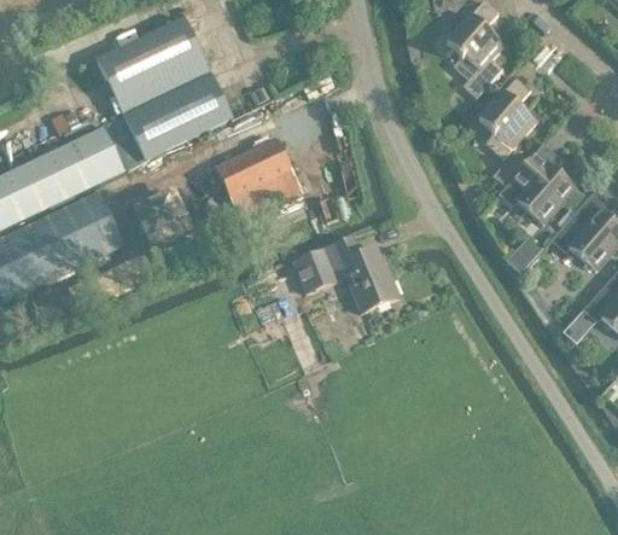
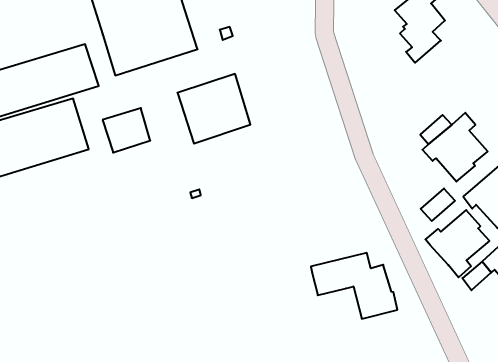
building: [478,77,536,157] -> none
building: [295,237,398,312] -> [311,253,397,319]
building: none -> [425,210,489,277]

